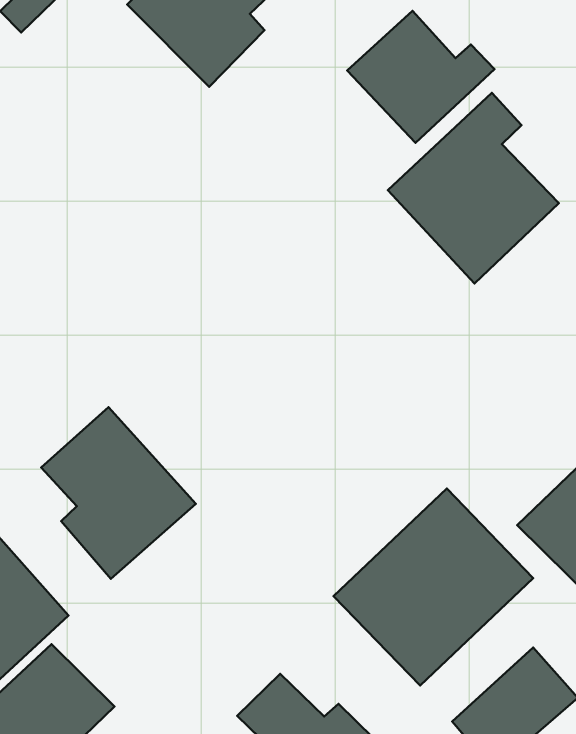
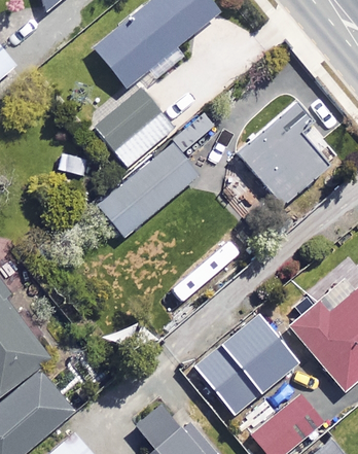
building: [347,11,495,143] -> none
building: none -> [93,91,172,169]
building: none -> [96,144,195,237]
building: [41,407,196,579] -> none

